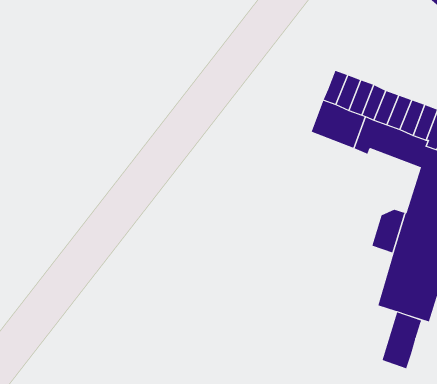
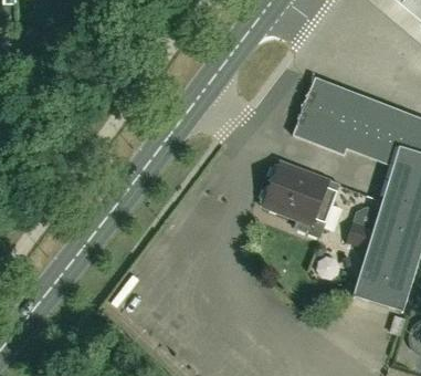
building: none -> [261,160,338,236]
building: [382,312,422,369] -> none

